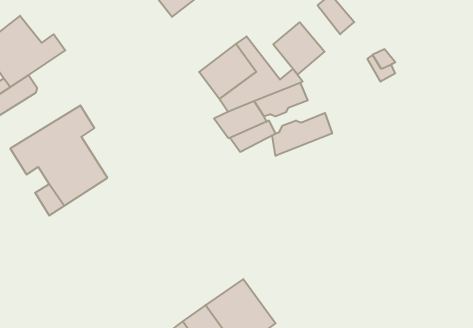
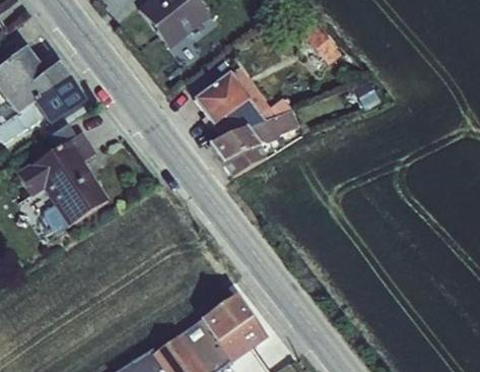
building: [273,22,325,75] -> none
building: none -> [35,79,84,126]
building: [272,113,332,156] -> none

